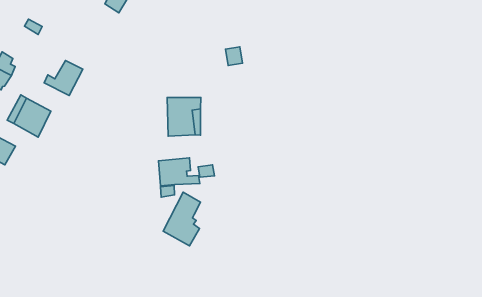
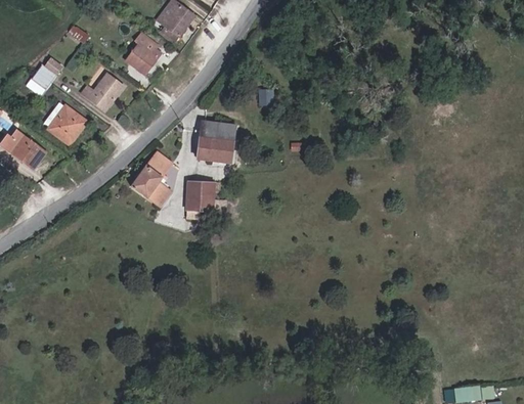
building: none -> [127,44,162,75]
building: [163,192,200,246] -> [133,153,174,207]

